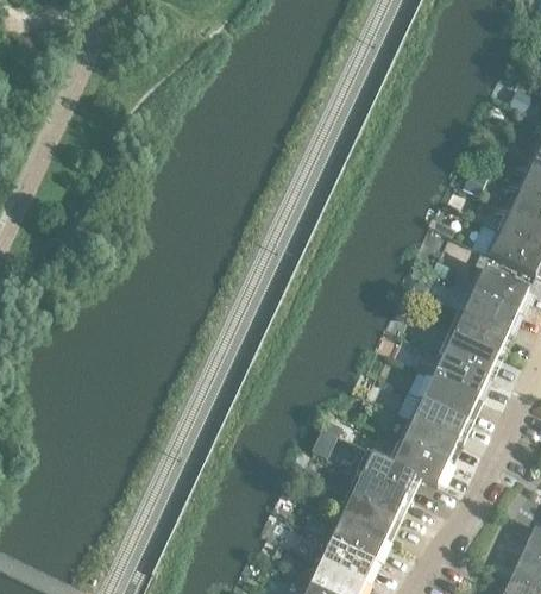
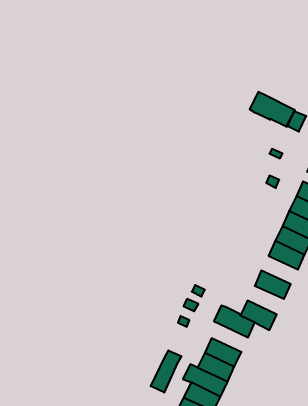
building: none -> [250,92,295,127]
building: [424,374,478,415] -> none
building: [404,418,458,459] -> none
building: [352,473,405,514] -> none
building: none -> [151,350,181,393]

